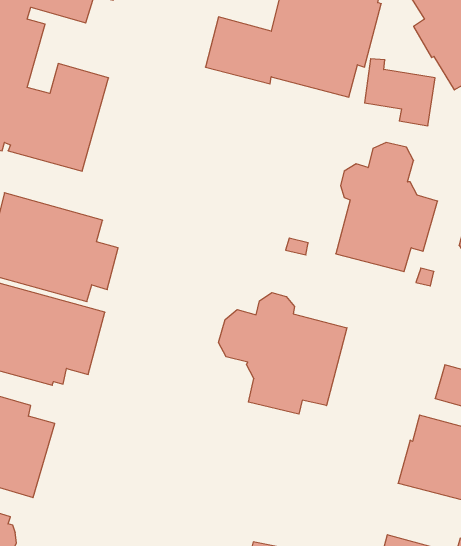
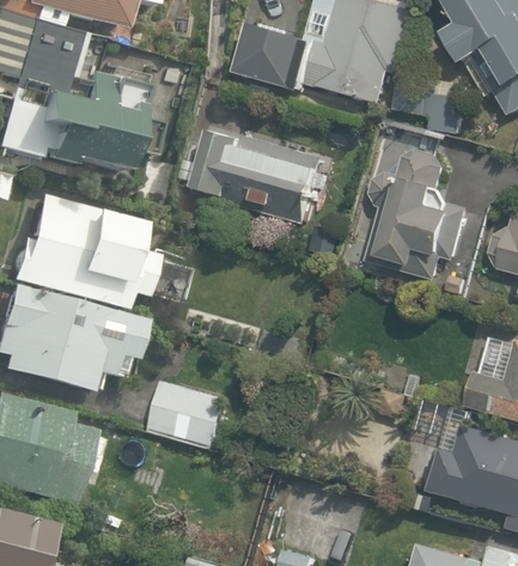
building: none -> [194,127,324,225]
building: [219,293,347,414] -> none
building: none -> [148,379,226,446]

